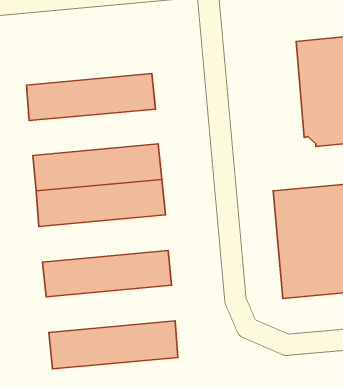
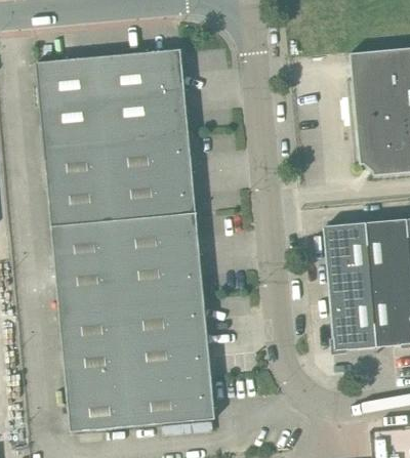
building: none -> [35,48,183,103]
building: none -> [42,131,191,184]
building: none -> [53,253,202,307]
building: none -> [61,334,210,388]

